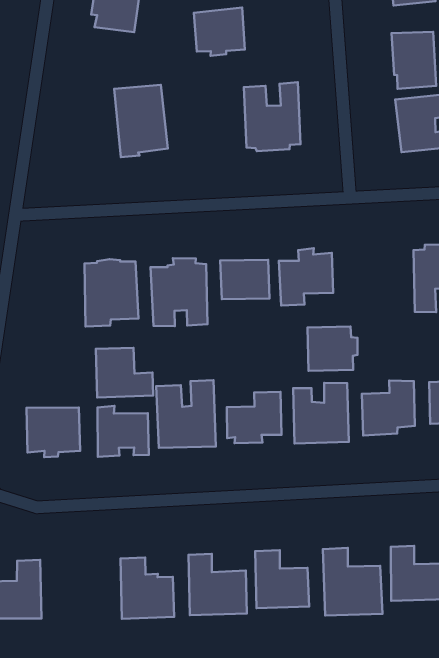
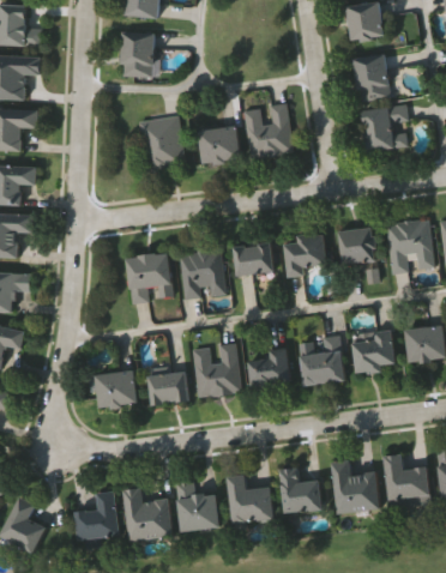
building: [194,8,245,56] -> [198,123,240,163]
building: [307,326,358,371] -> [334,227,375,264]
building: [96,348,153,398] -> none
building: none -> [125,489,173,542]

